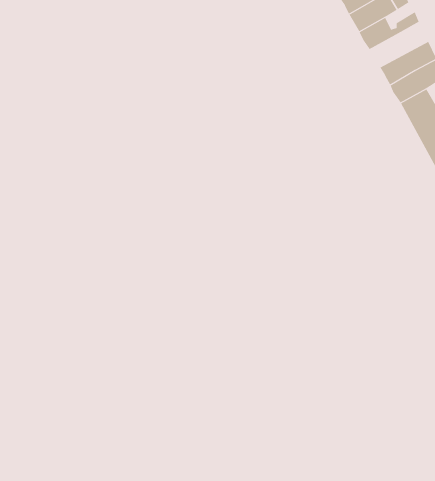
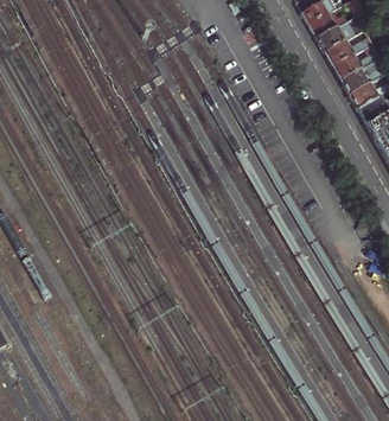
building: none -> [332,50,380,79]

